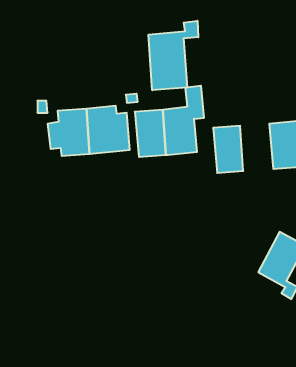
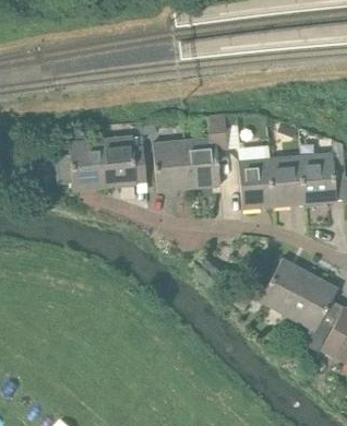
building: [149,21,198,90] -> none
building: none -> [268,155,304,206]
building: none -> [260,258,311,317]

